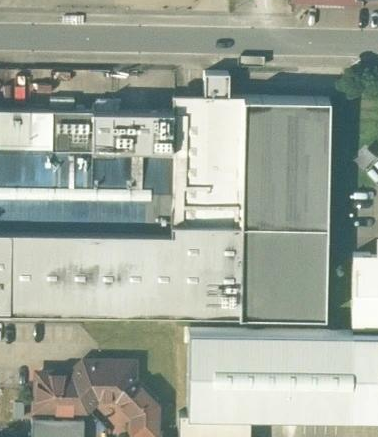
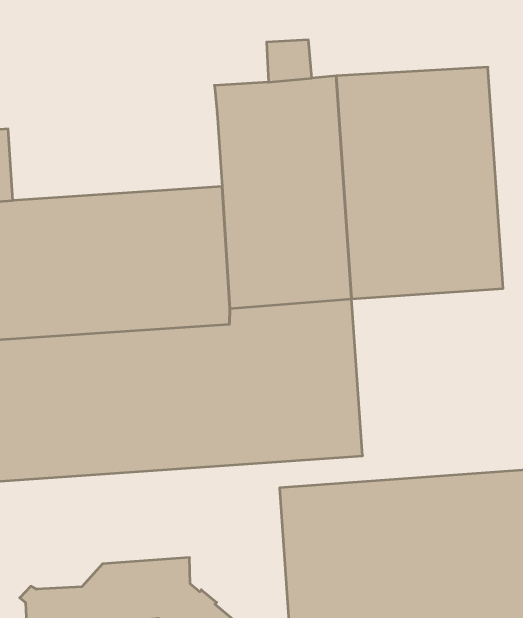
building: [53,112,174,156] -> none
building: [239,227,328,319] -> none

